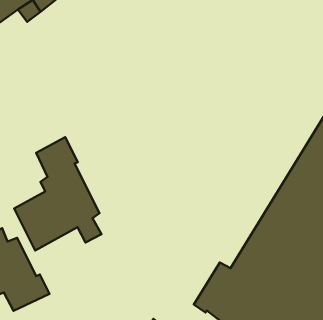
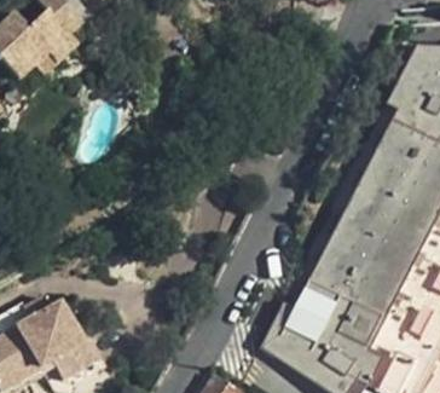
building: [14,137,101,251] -> none

